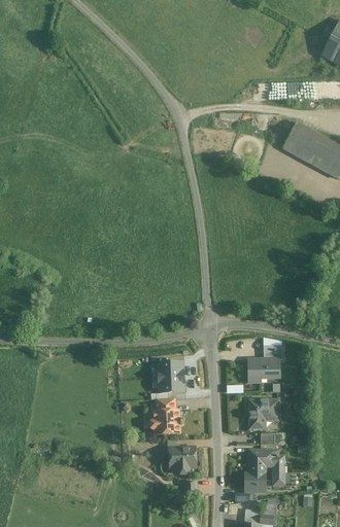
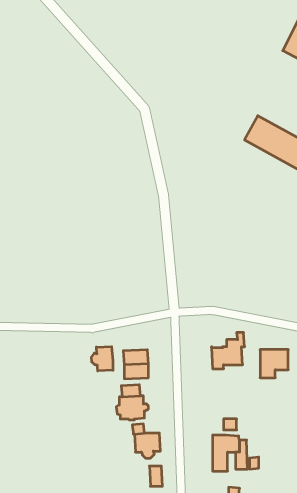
building: none -> [91,347,113,371]
building: [248,399,277,428] -> [260,350,288,378]

